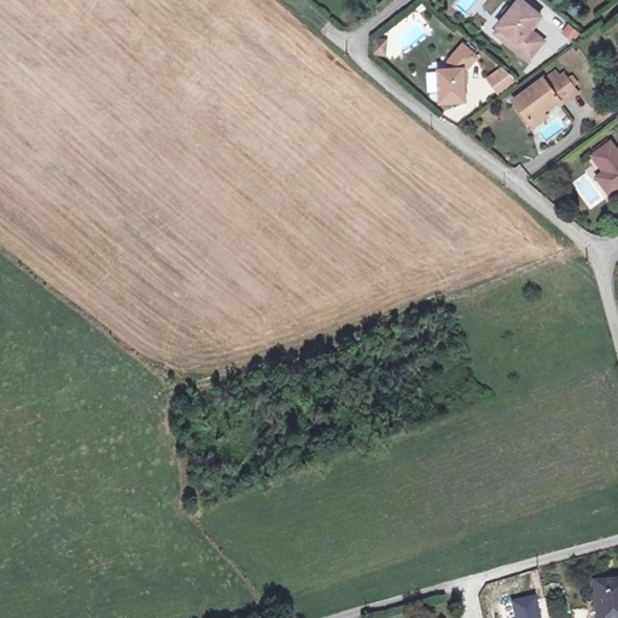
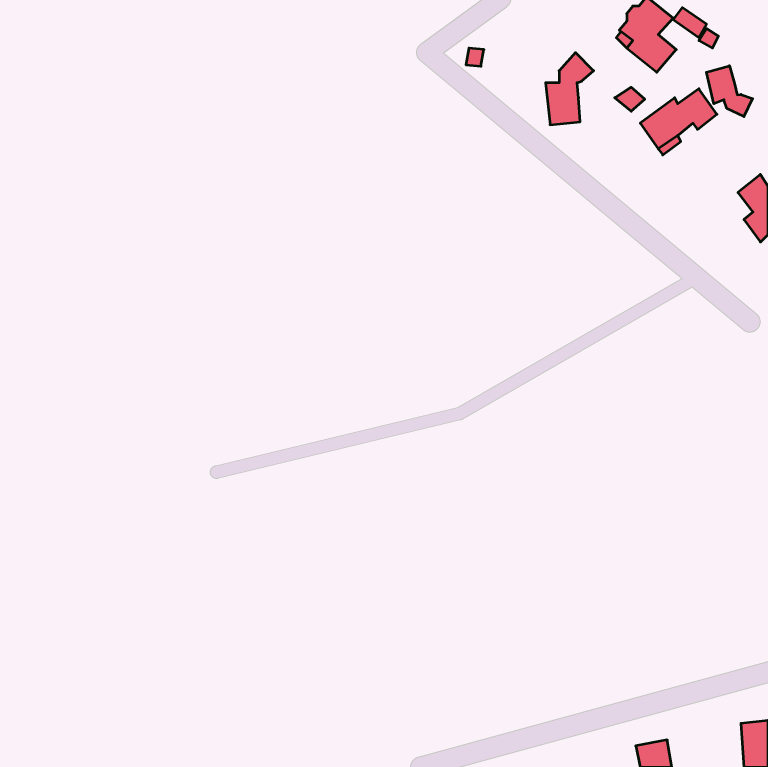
building: none -> [706,66,753,117]

